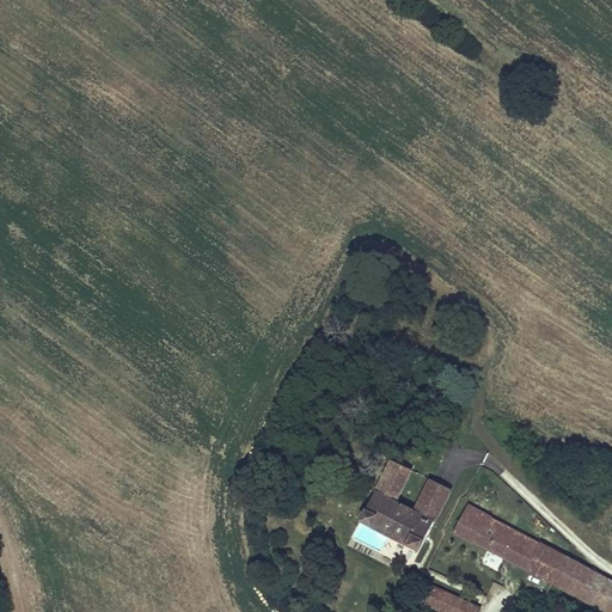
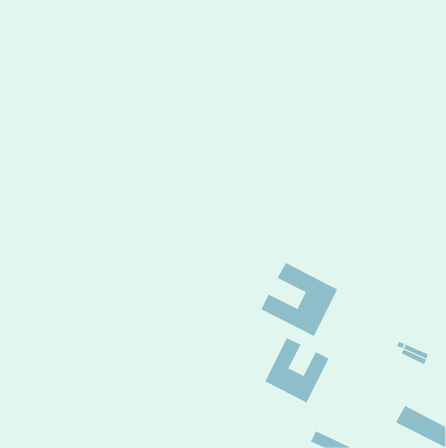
building: none -> [260,262,338,337]
building: [453,506,552,576] -> none

